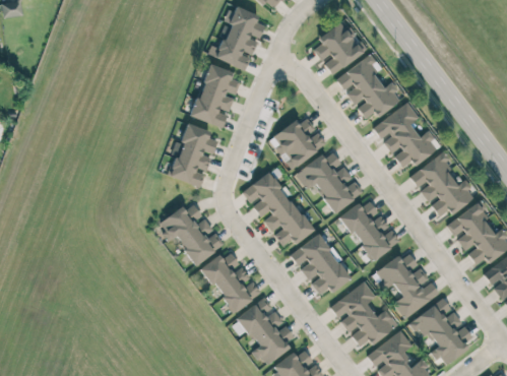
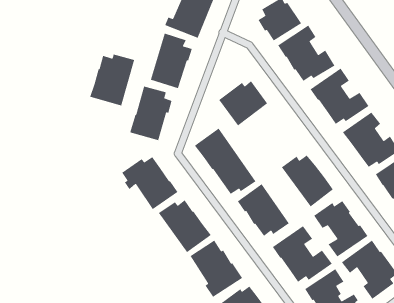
building: none -> [89,54,135,107]
building: [296,151,364,212] -> none

